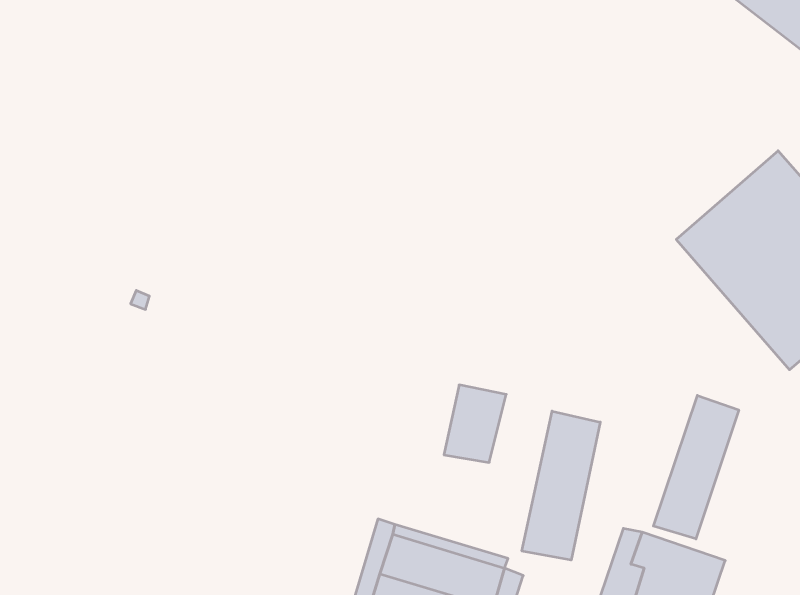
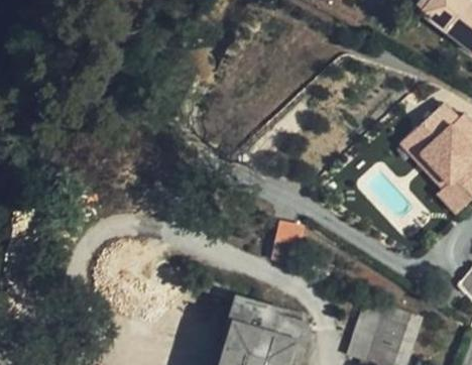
building: [653,395,739,539] -> none
building: [522,411,600,560] -> none

